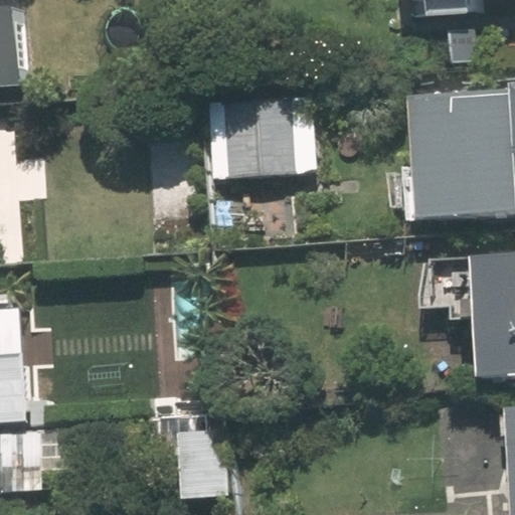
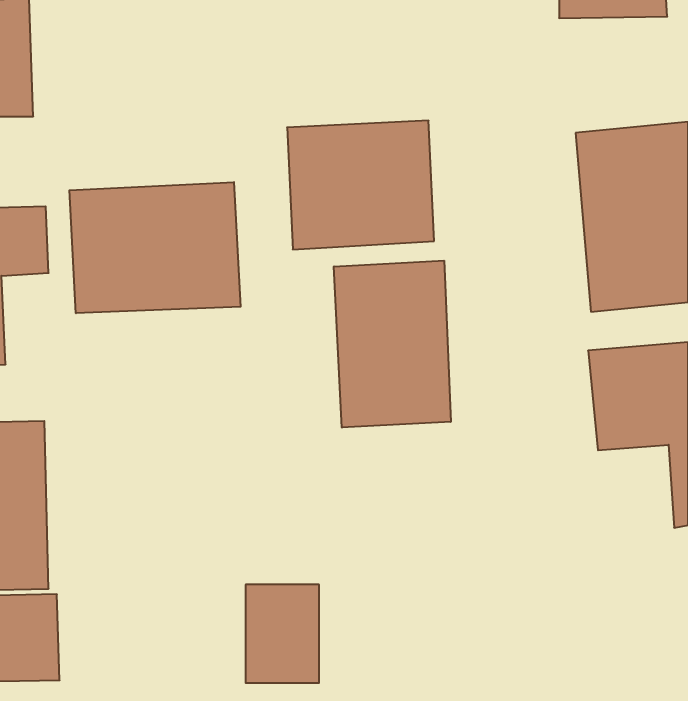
building: none -> [69,182,241,313]
building: none -> [334,261,451,428]

